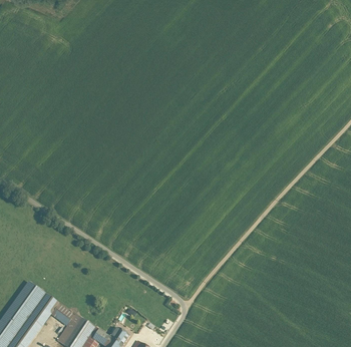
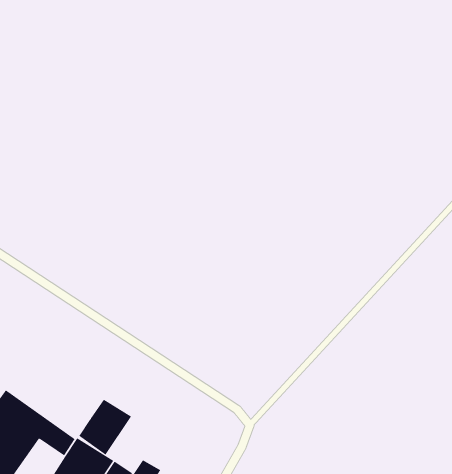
building: none -> [79,399,132,455]

